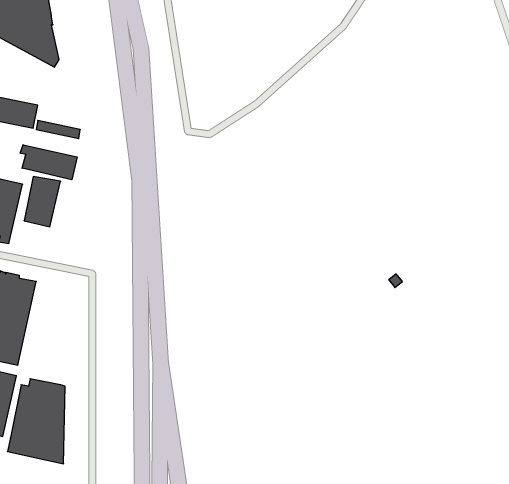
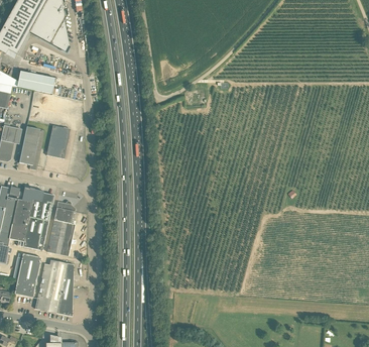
building: [20,145,77,180] -> none
building: none -> [46,201,76,256]

